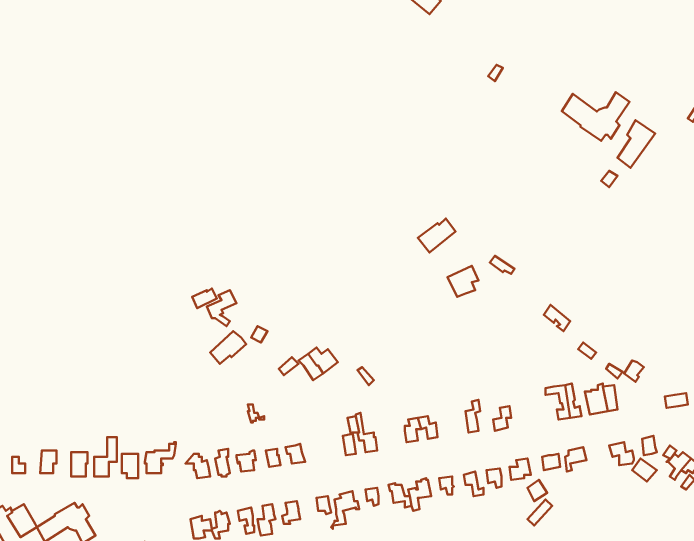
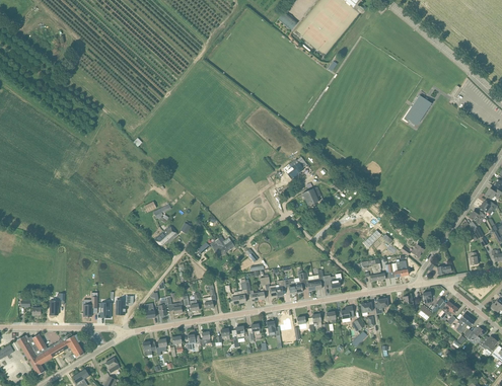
building: [562,92,630,141] -> none

